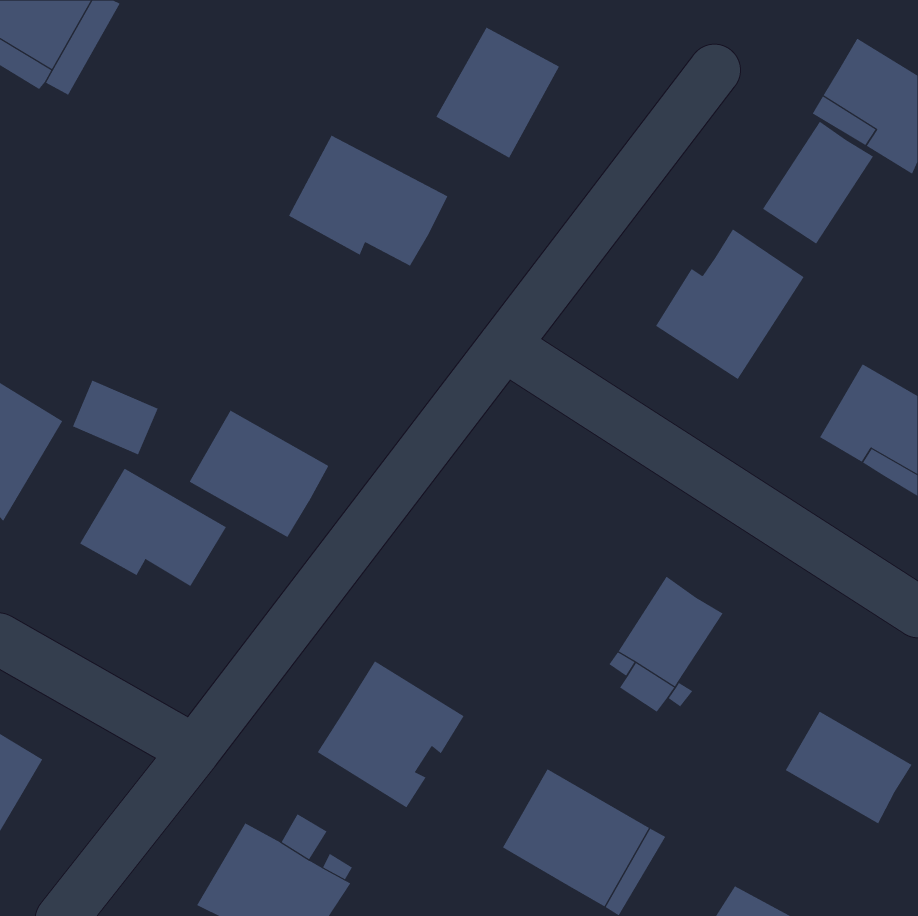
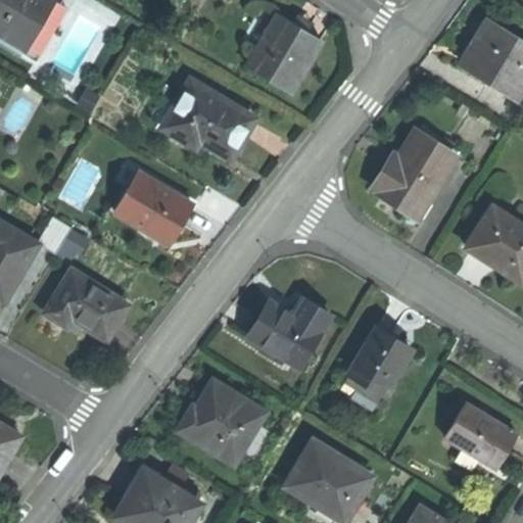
building: [762,121,874,244] -> none
building: [189,410,329,538] -> [112,172,192,244]
building: none -> [248,296,328,367]

